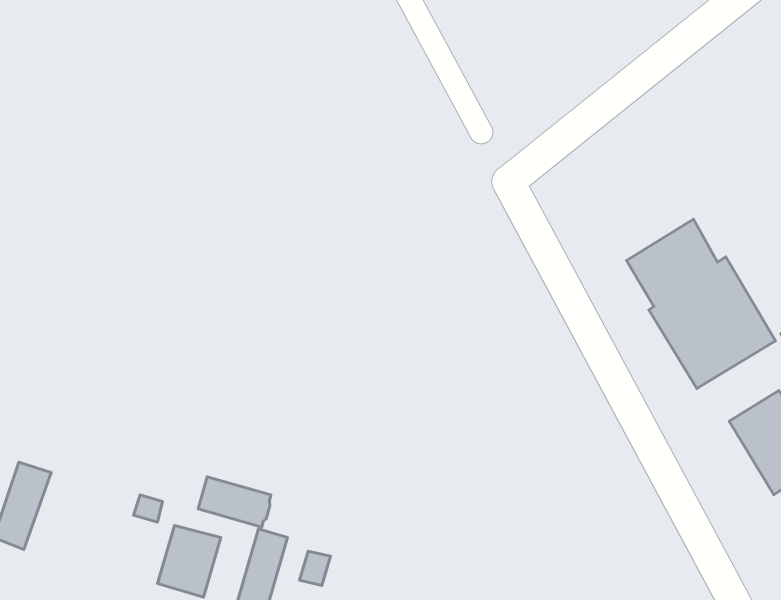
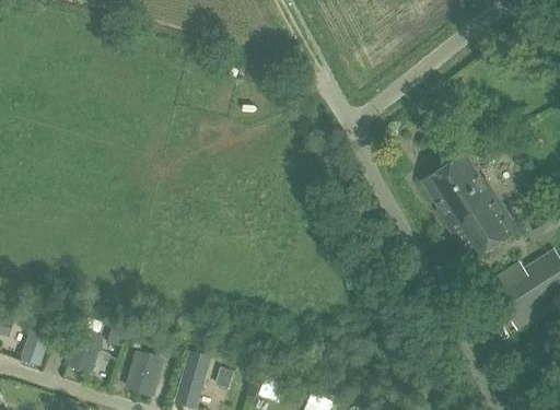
building: [198,477,271,527] -> none
building: none -> [65,327,104,373]

